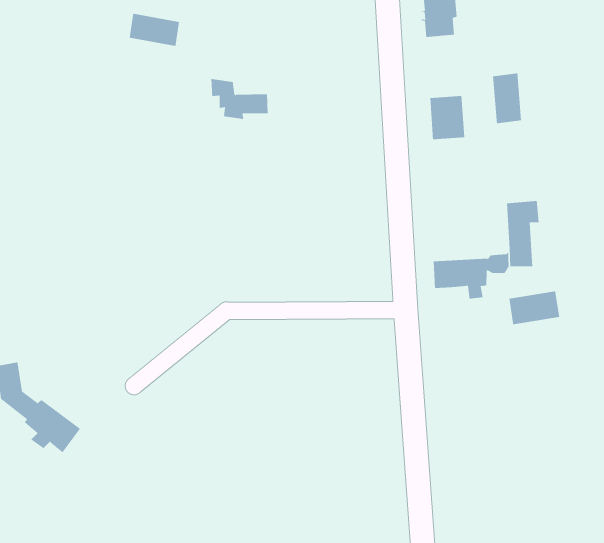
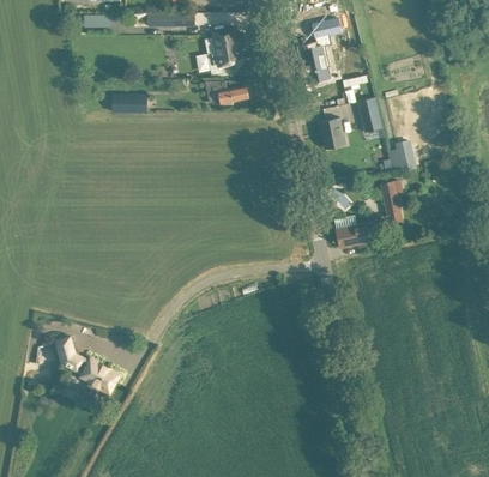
building: [210,78,269,119] -> [206,80,248,104]
building: none -> [388,139,416,174]
building: [509,291,560,325] -> none

